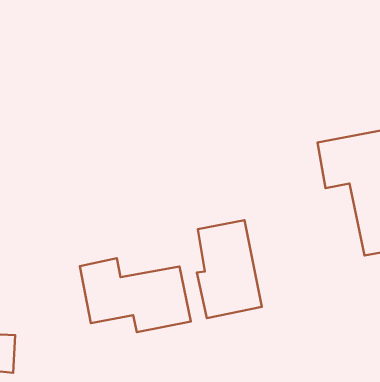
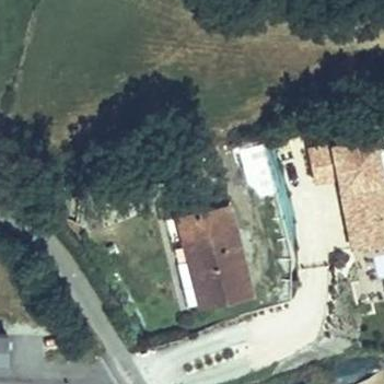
building: [80,258,191,332] -> none

